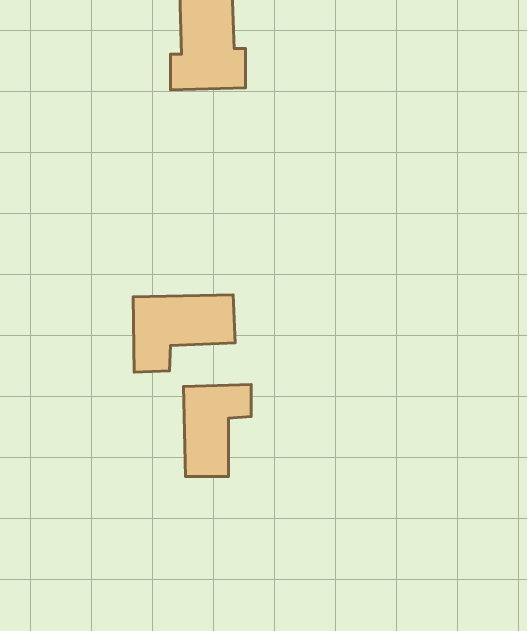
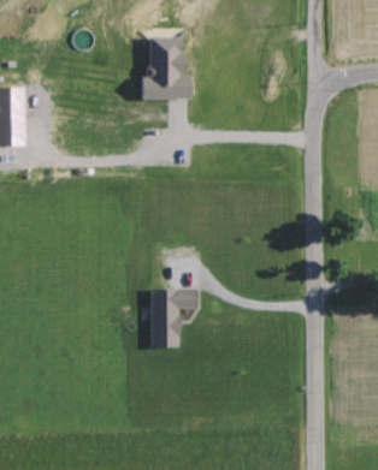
building: [133,295,235,372] -> none

